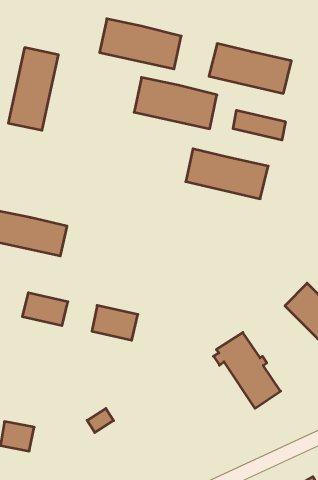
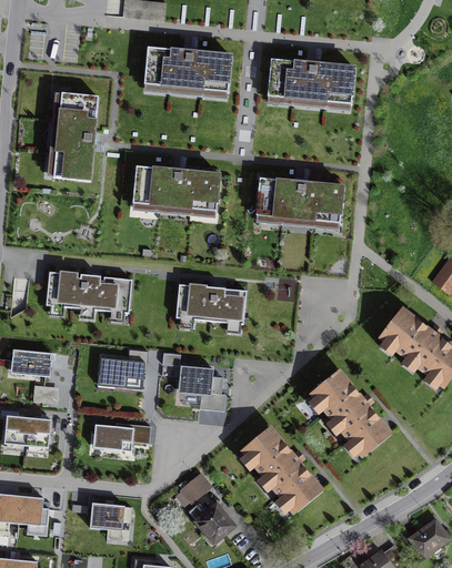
building: [134,77,217,129] -> [132,166,220,213]
building: [233,110,285,140] -> none
building: none -> [175,284,247,325]
building: none -> [91,423,148,450]
building: none -> [243,428,319,509]
building: none -> [188,503,231,540]

